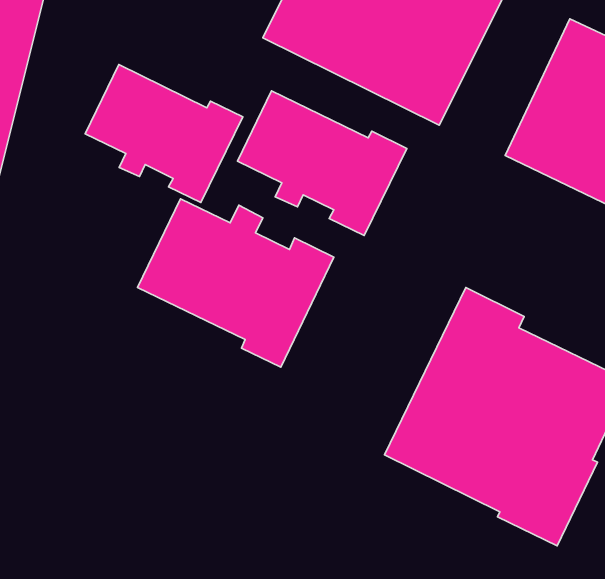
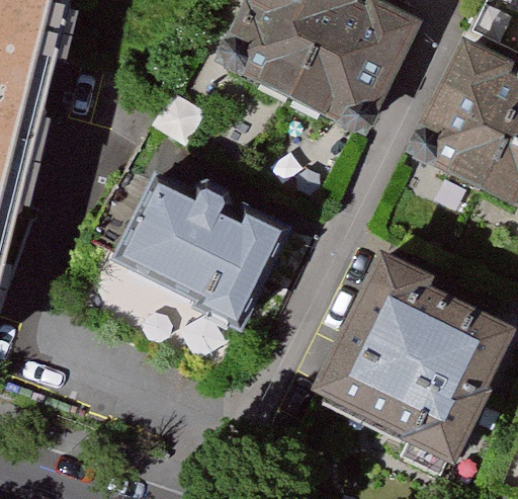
building: [85,65,243,203] -> none
building: [238,91,407,236] -> none

